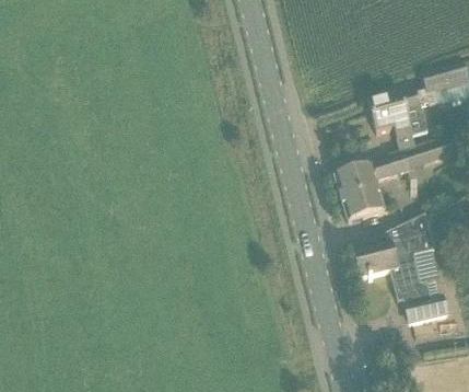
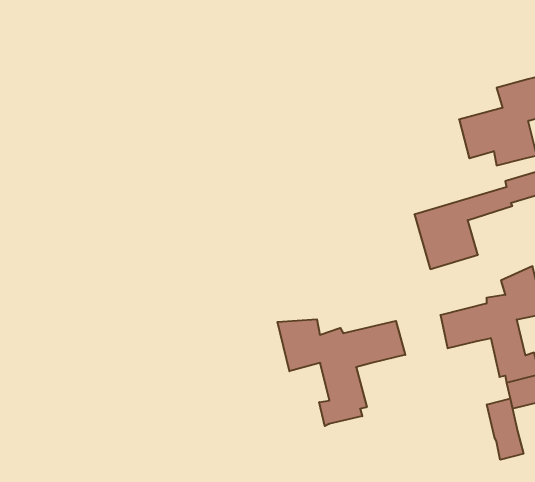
building: none -> [277,319,405,426]
building: none -> [487,398,523,460]

